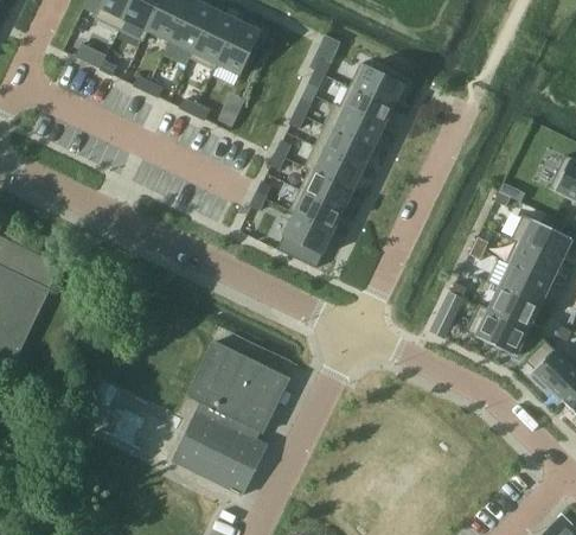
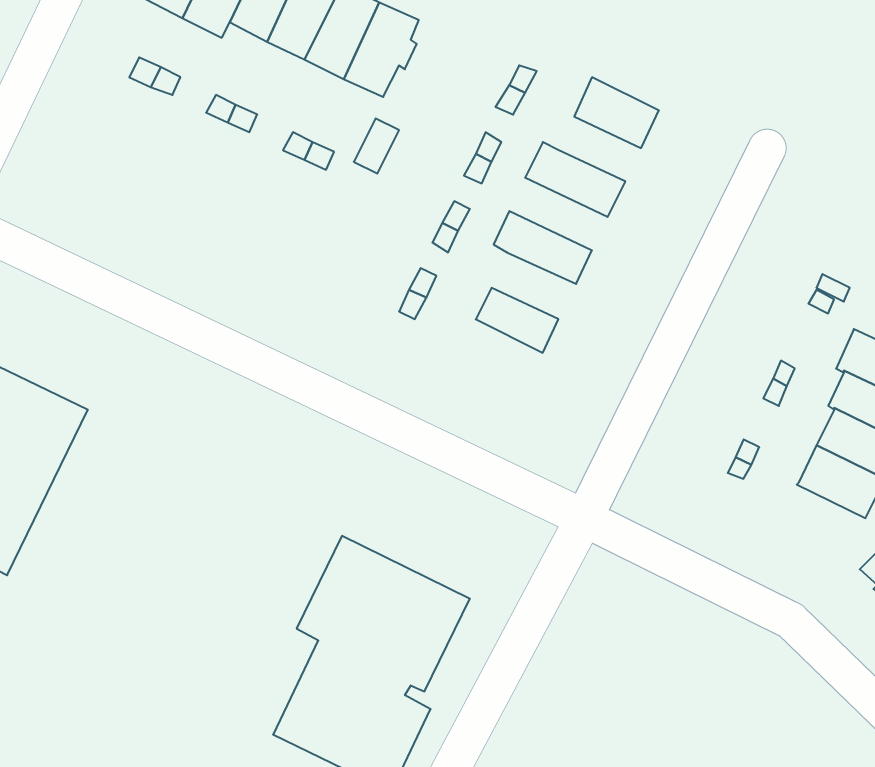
building: [344,88,393,127] -> none
building: [314,125,373,168] -> none
building: [303,170,354,210] -> none
building: [281,210,334,255] -> none
building: [467,305,529,354] -> none

